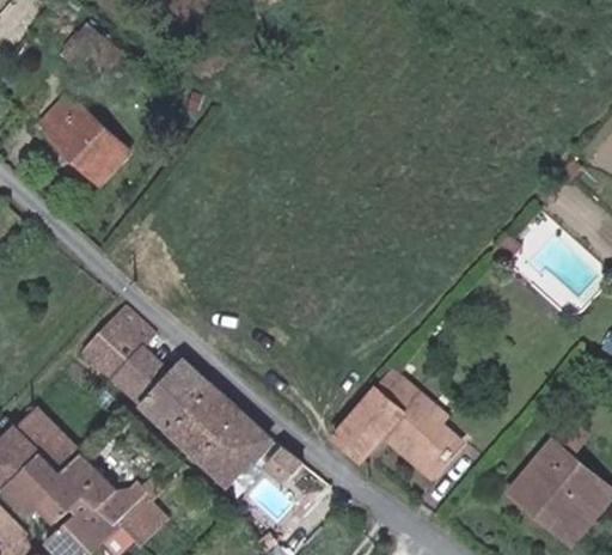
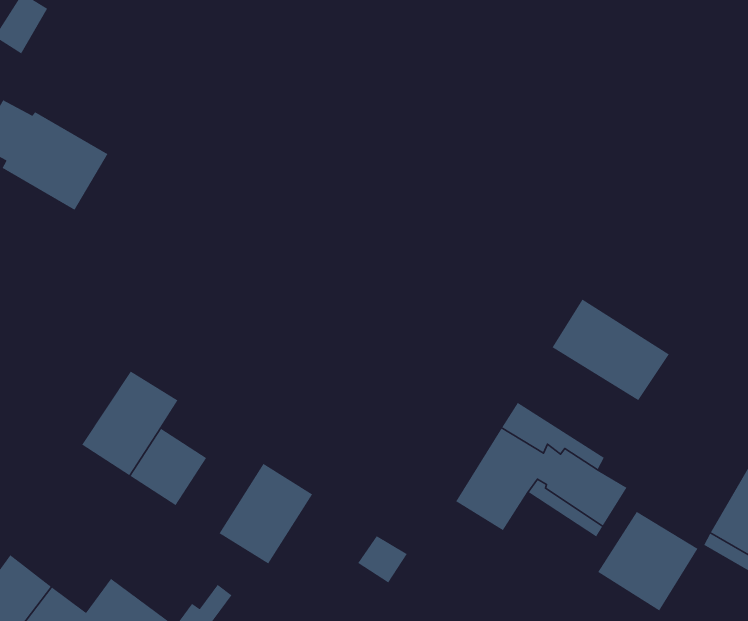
building: none -> [551,299,670,401]
building: [137,362,204,432] -> none
building: [14,404,84,474] -> none
building: [197,414,265,484] -> none
building: none -> [597,511,699,611]

